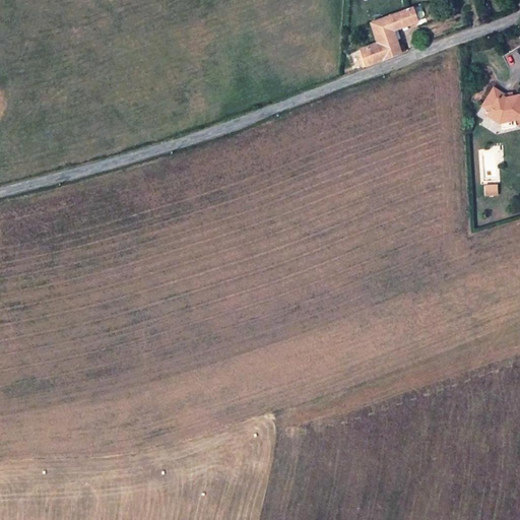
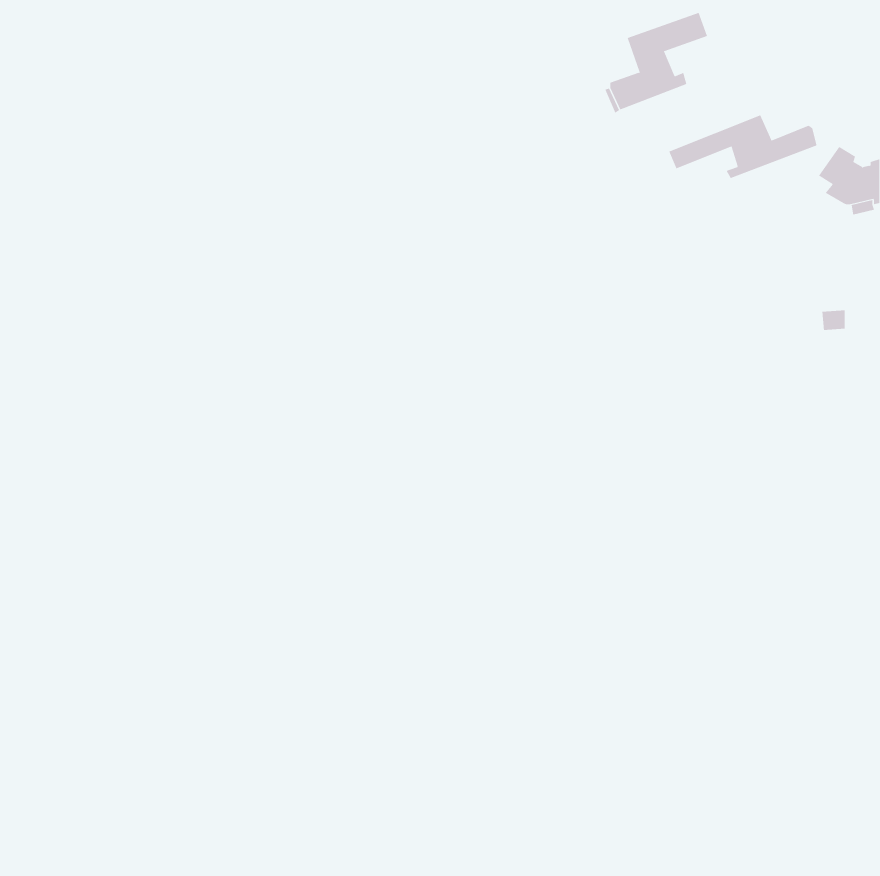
building: none -> [669,114,817,179]

